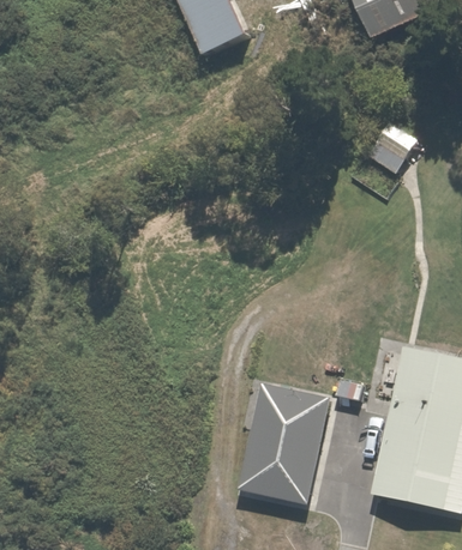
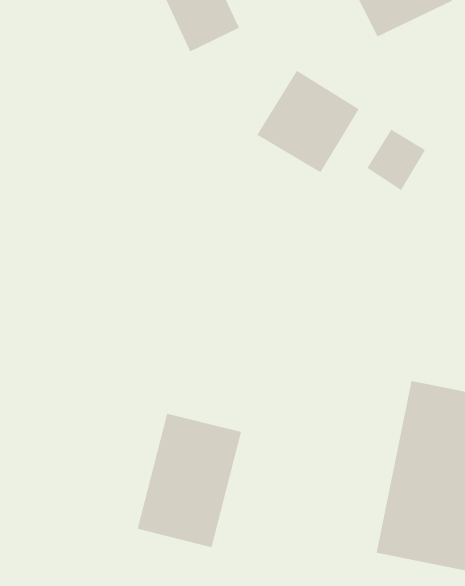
building: none -> [256,70,359,173]
building: [236,385,330,504] -> [137,413,242,548]

